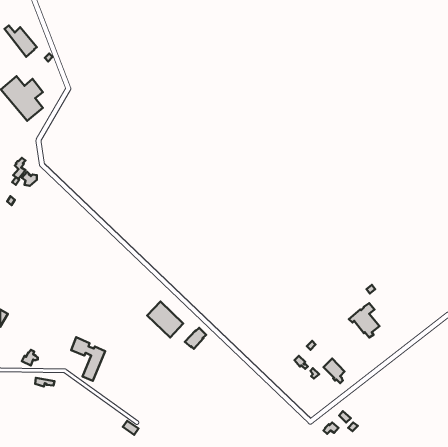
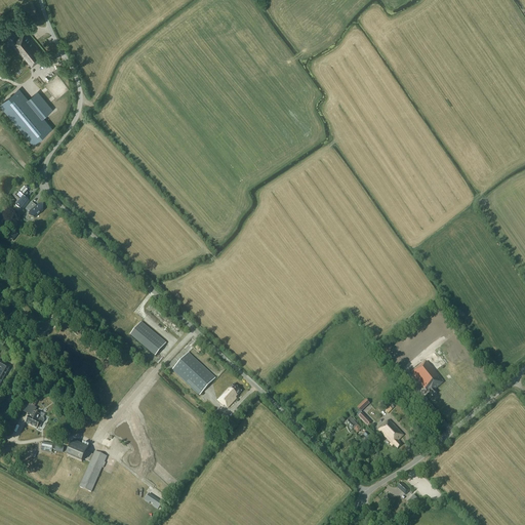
building: none -> [129,321,166,355]
building: [71,337,105,381] -> [67,440,107,491]

